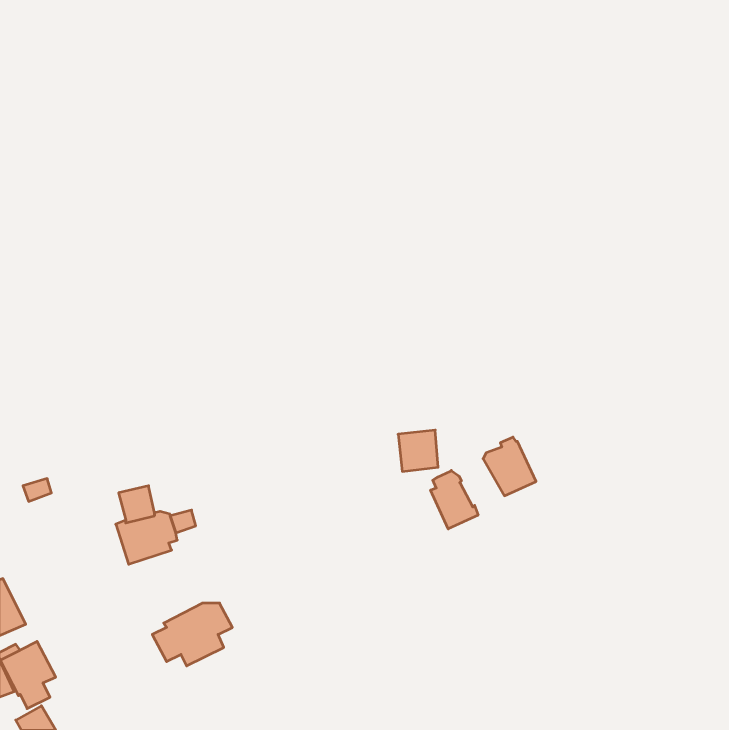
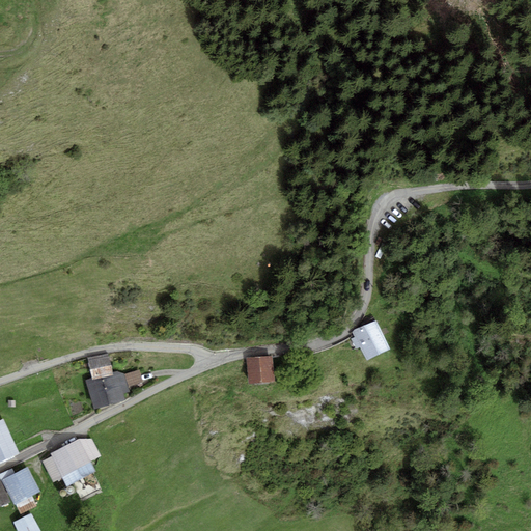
building: [398,430,438,471] -> [245,354,274,384]
building: [431,470,478,529] -> none
building: [152,603,232,666] -> [41,439,100,484]

